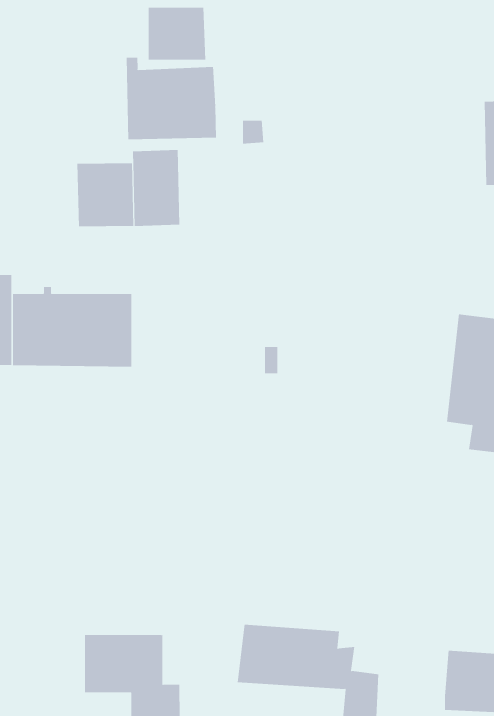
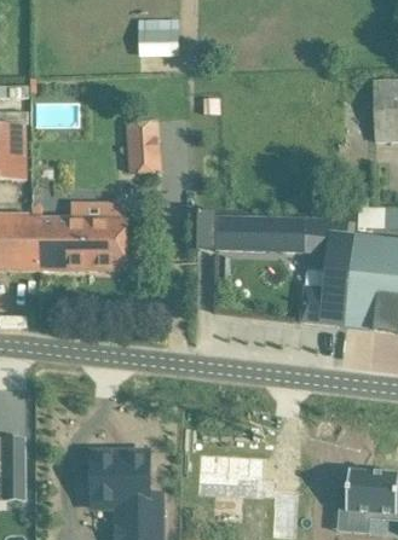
building: [126,57,217,140] -> none
building: [77,163,134,227] -> none
building: none -> [196,207,367,327]

